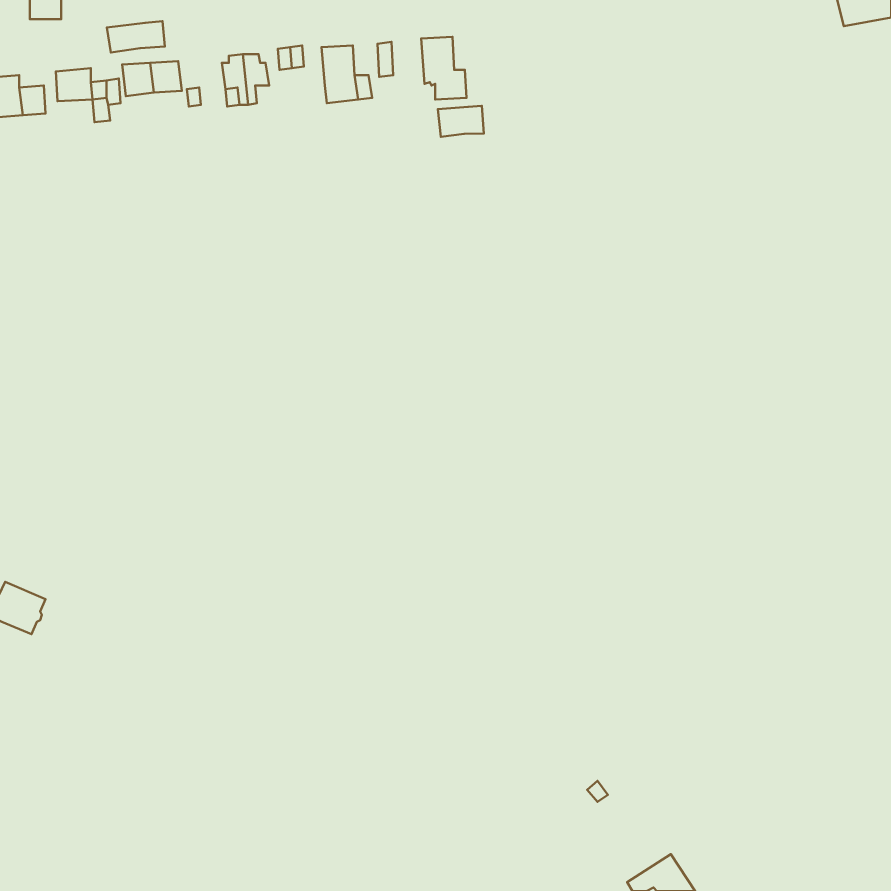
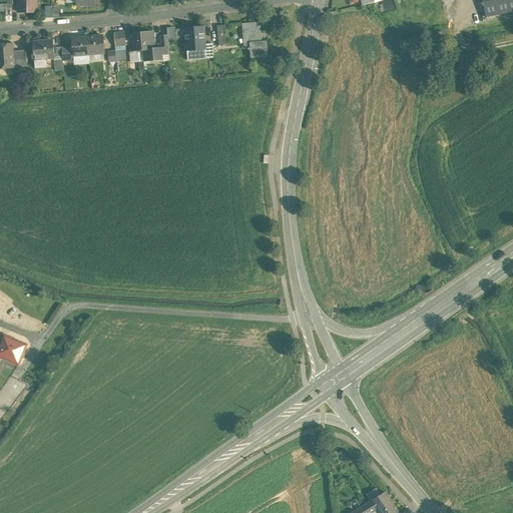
building: [107,21,165,52] -> none
building: [438,106,484,137] -> none

